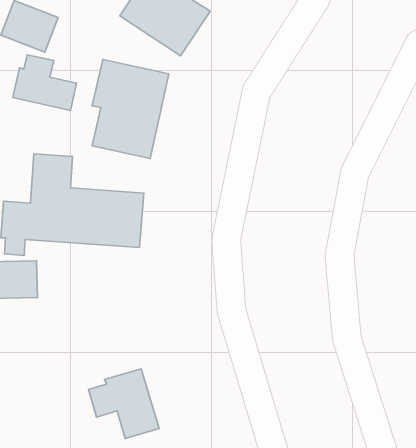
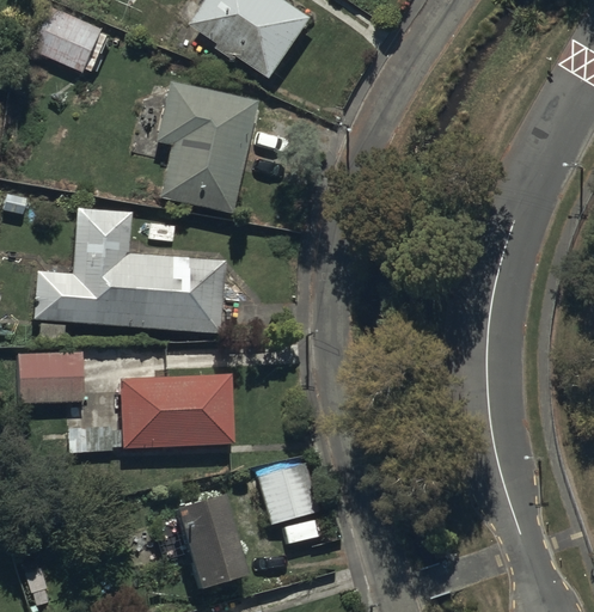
building: [13,55,77,111] -> none
building: none -> [117,373,234,451]
building: none -> [259,465,317,522]

